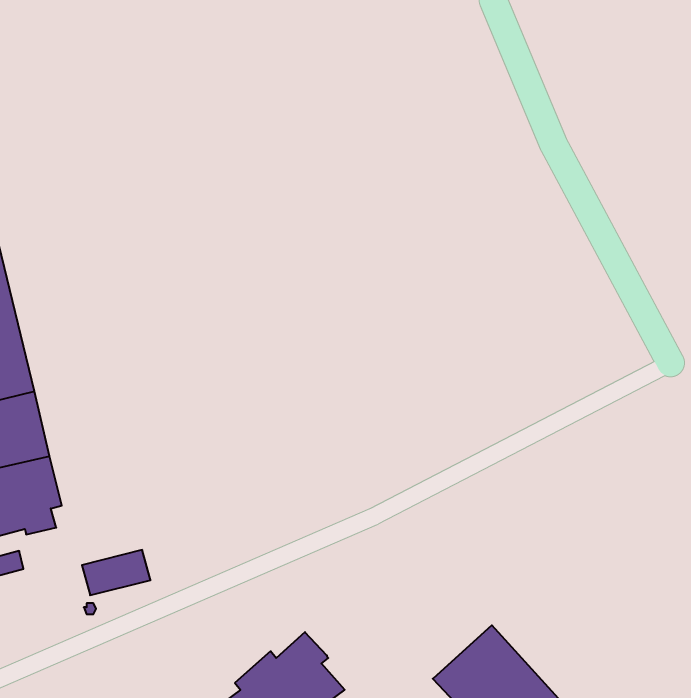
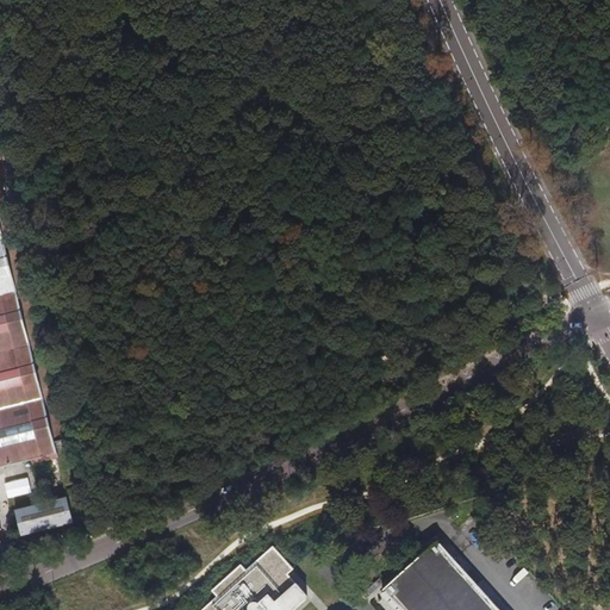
building: [82,550,151,595] -> [5,499,64,539]

